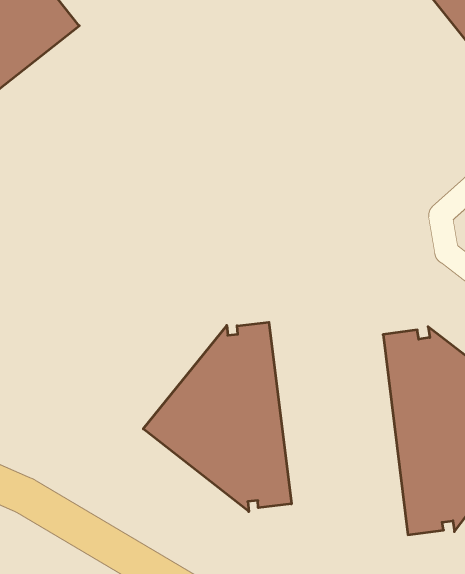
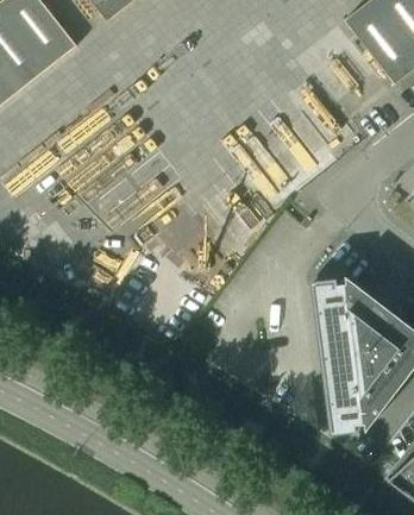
building: [143,322,291,512] -> none

